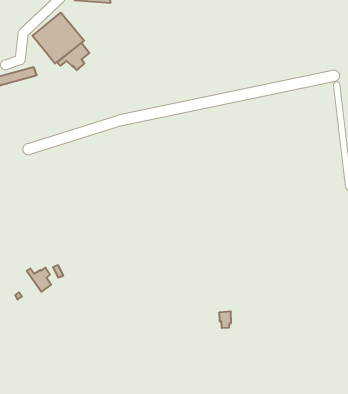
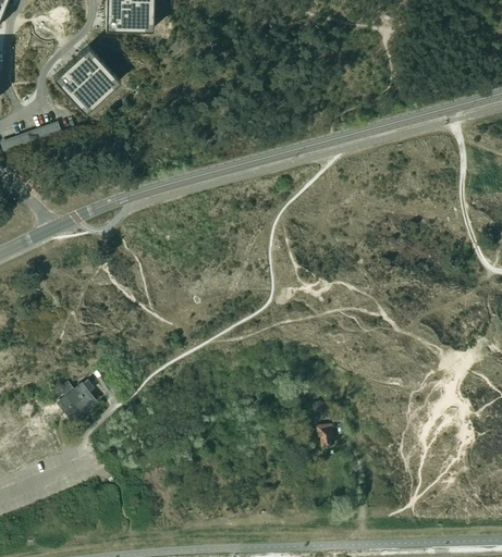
building: [57,43,89,70] -> none
building: none -> [58,384,85,420]

